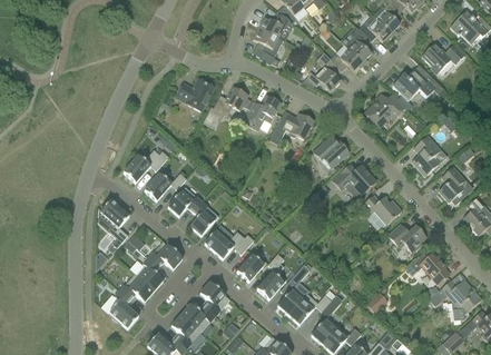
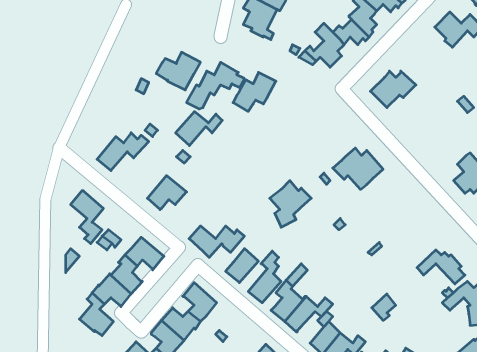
building: [393,63,444,99] -> none
building: [269,111,314,144] -> none
building: [313,135,350,176] -> [270,181,311,227]
building: [412,135,446,175] -> none
building: [145,170,186,200] -> [176,112,222,146]
building: [362,194,402,229] -> none
building: [190,200,219,235] -> none
building: [387,223,426,252] -> none

